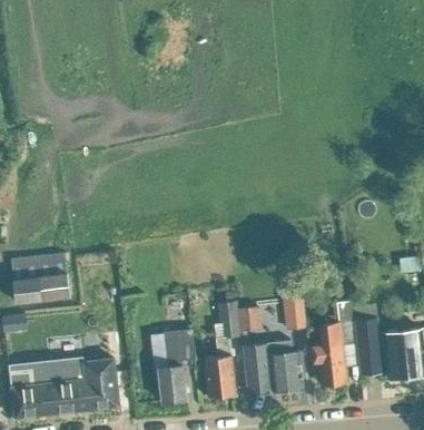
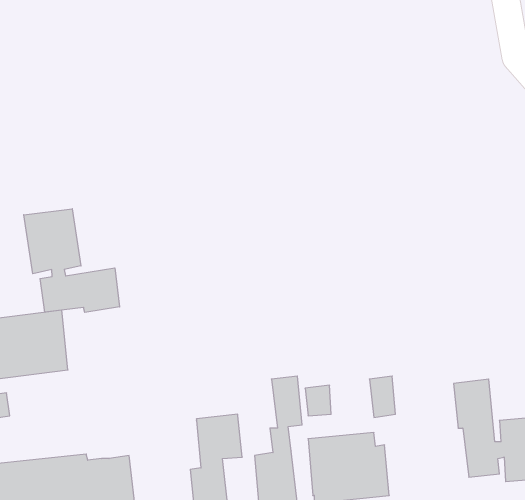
building: none -> [24,209,120,312]
building: [312,306,352,385] -> none

